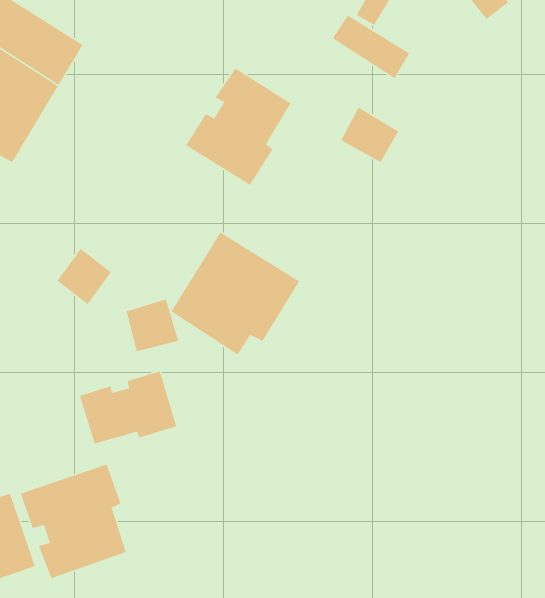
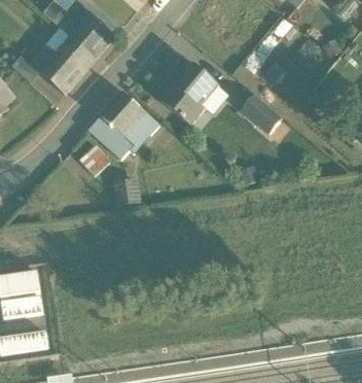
building: [171,232,300,355] -> [88,92,159,159]
building: [79,371,177,445] -> none
building: [20,463,127,579] -> none

